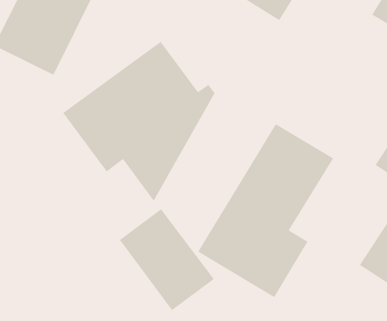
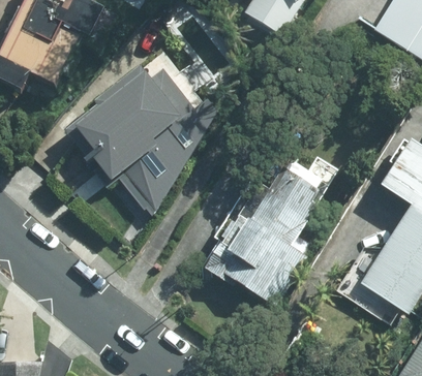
building: [119,208,215,311] -> none

